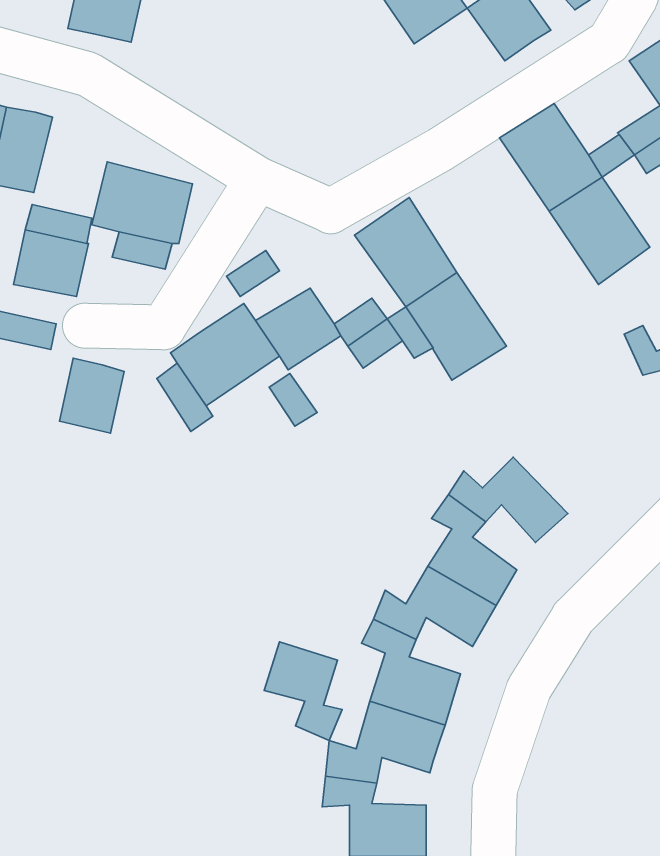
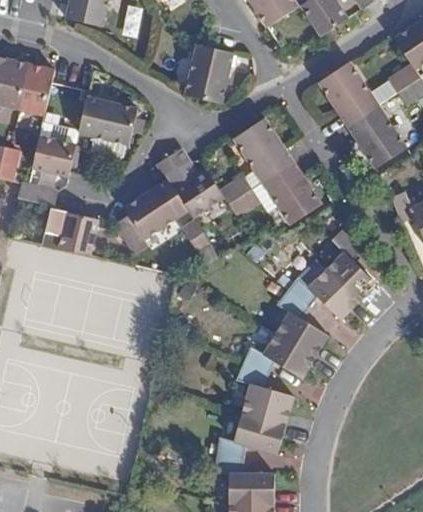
building: none -> [184,43,231,103]
building: none -> [325,230,375,302]
building: [264,642,342,740] -> none

